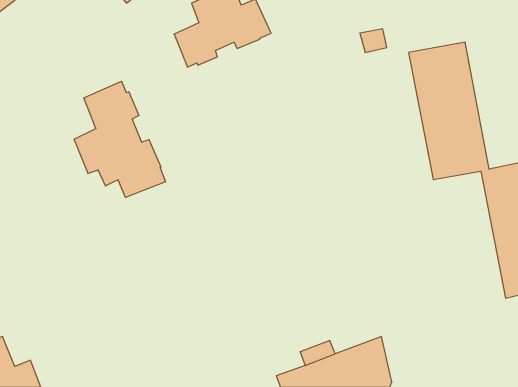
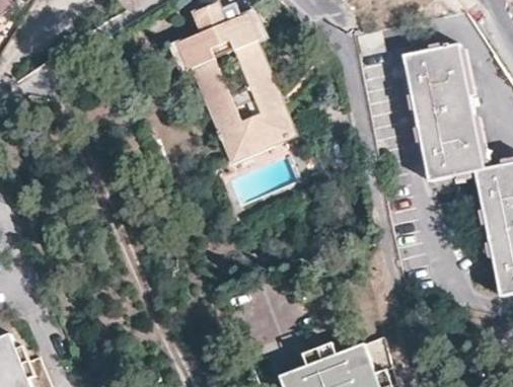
building: none -> [197,45,296,162]
building: [74,81,166,197] -> none

